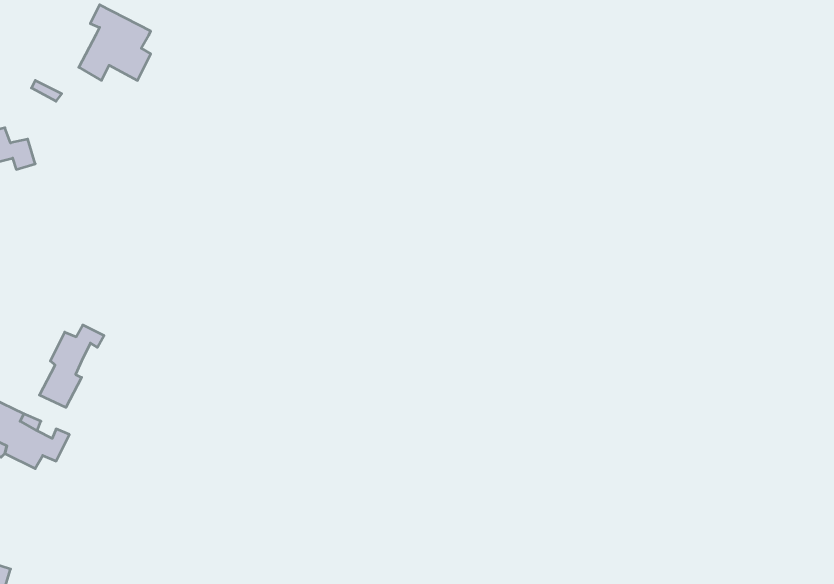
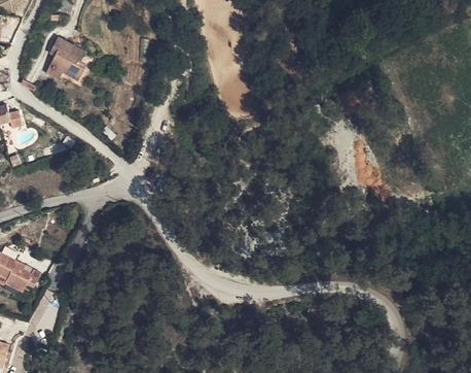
building: [39,325,104,407] -> none

